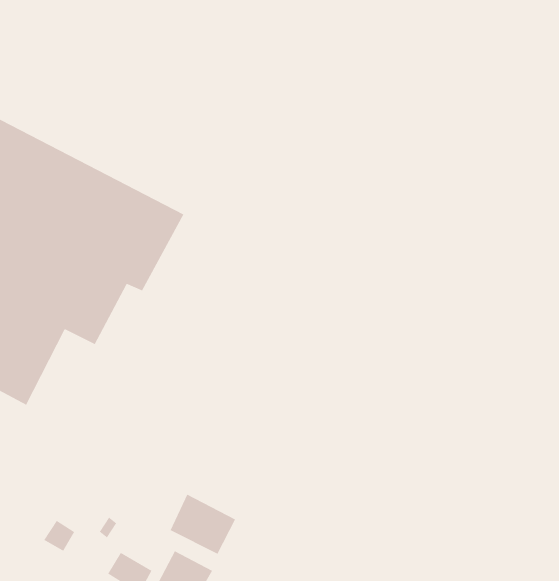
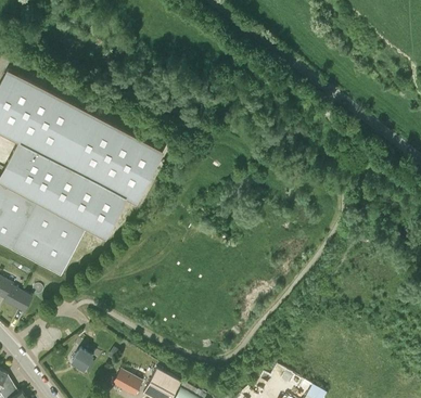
building: [169,493,236,555] -> none

